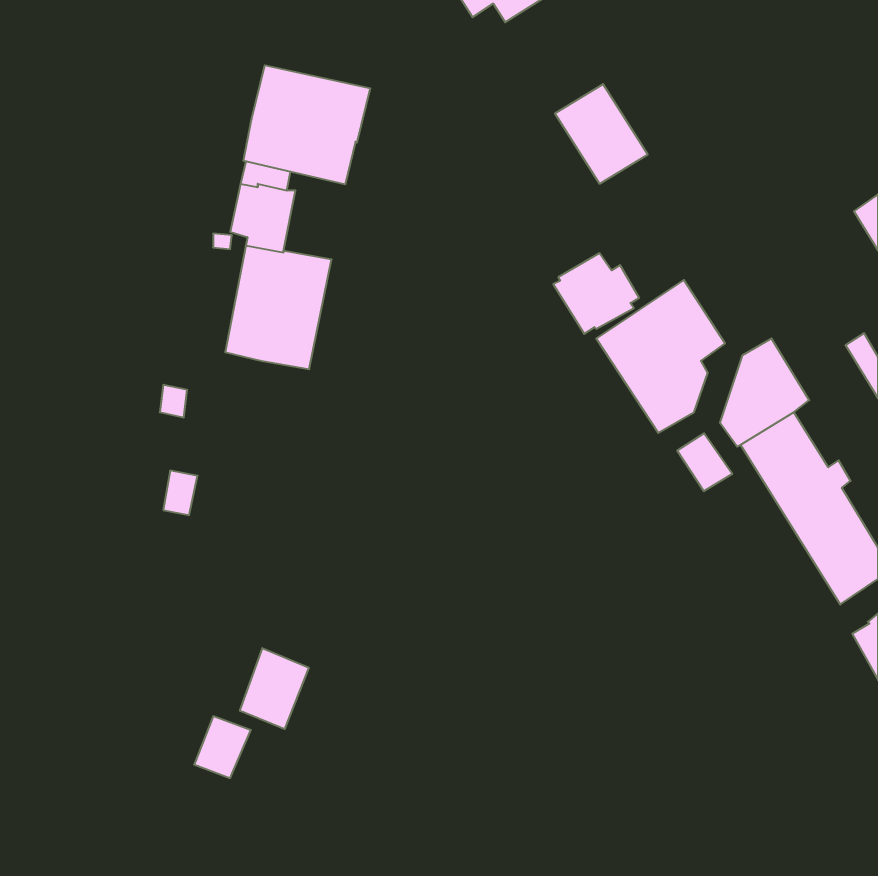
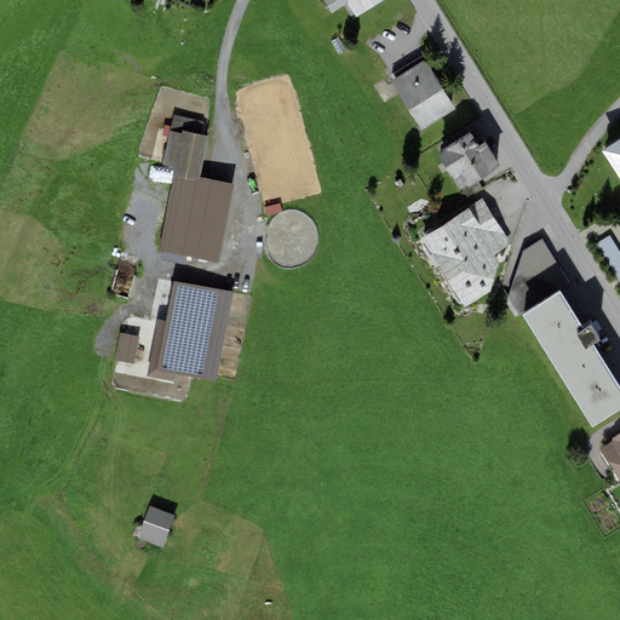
building: [244,65,370,184] -> none
building: [553,253,639,334] -> [438,132,499,189]
building: none -> [147,280,232,381]
building: [677,433,732,491] -> none
building: [240,648,309,729] -> none

